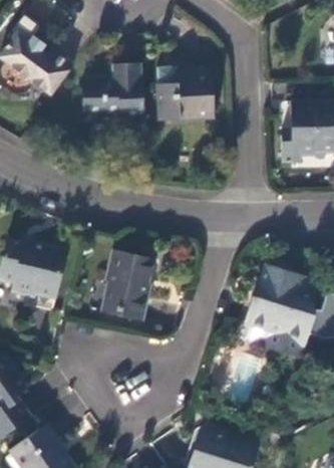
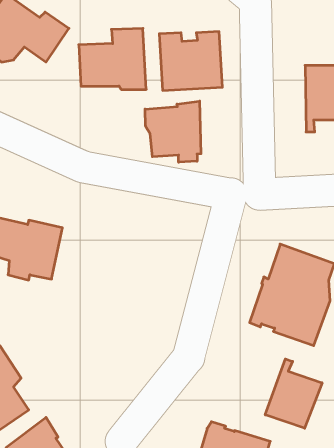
building: none -> [145,101,201,162]
building: [102,250,154,321] -> none
building: none -> [265,359,322,428]

